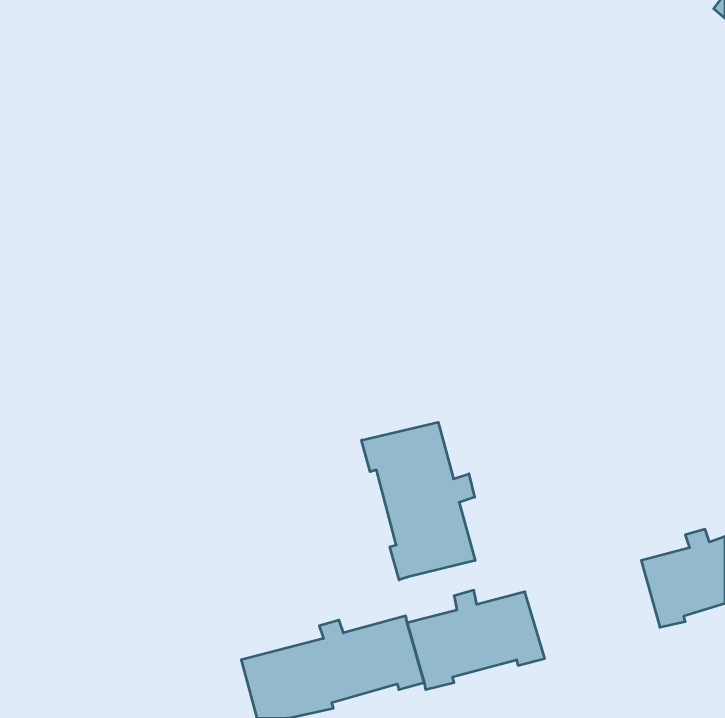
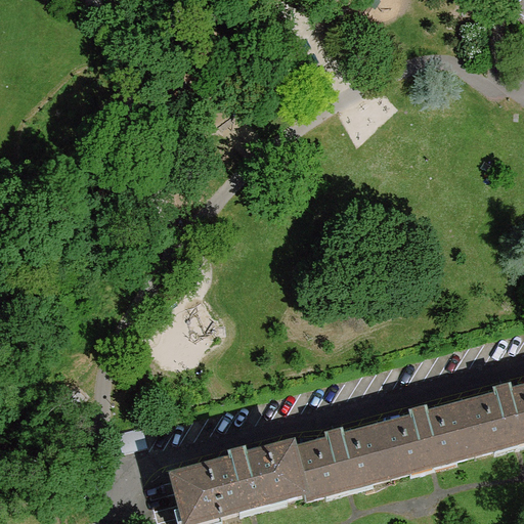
building: [362,422,475,580] -> none
building: none -> [379,404,476,475]

